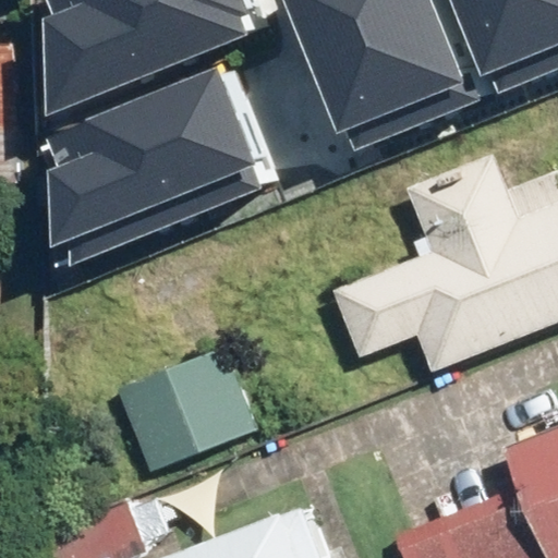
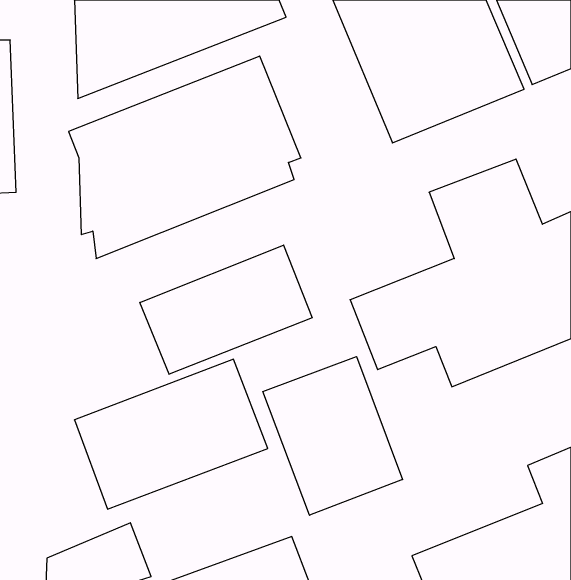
building: none -> [140,245,312,374]
building: none -> [263,357,403,515]

